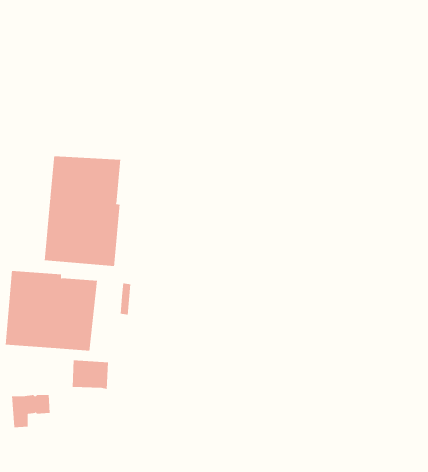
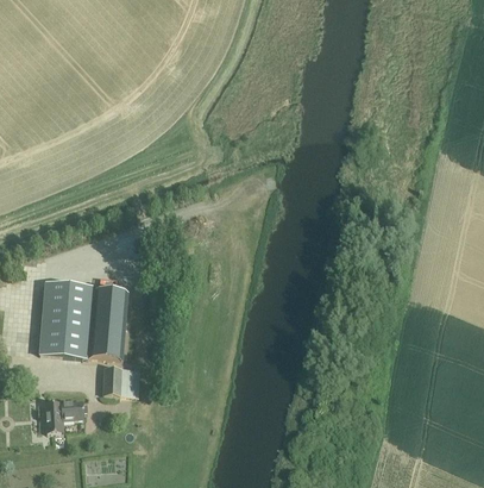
building: [44,156,121,267] -> none

